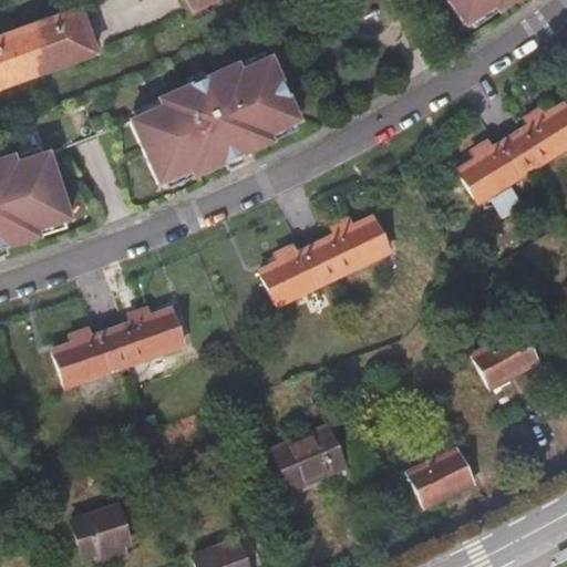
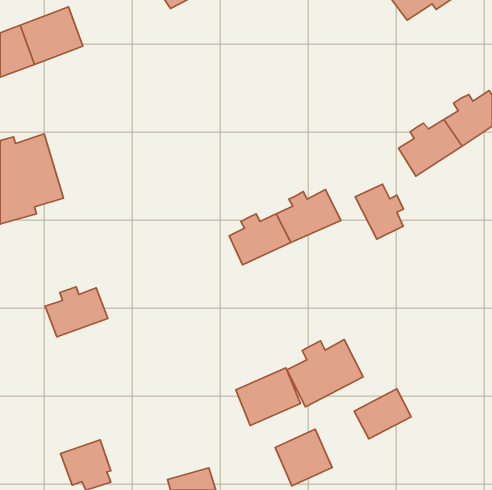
building: [132,59,298,182] -> none
building: none -> [355,184,403,239]
building: [111,309,184,367] -> none
building: [471,327,538,385] -> none
building: none -> [287,340,363,407]
building: none -> [275,429,332,486]

